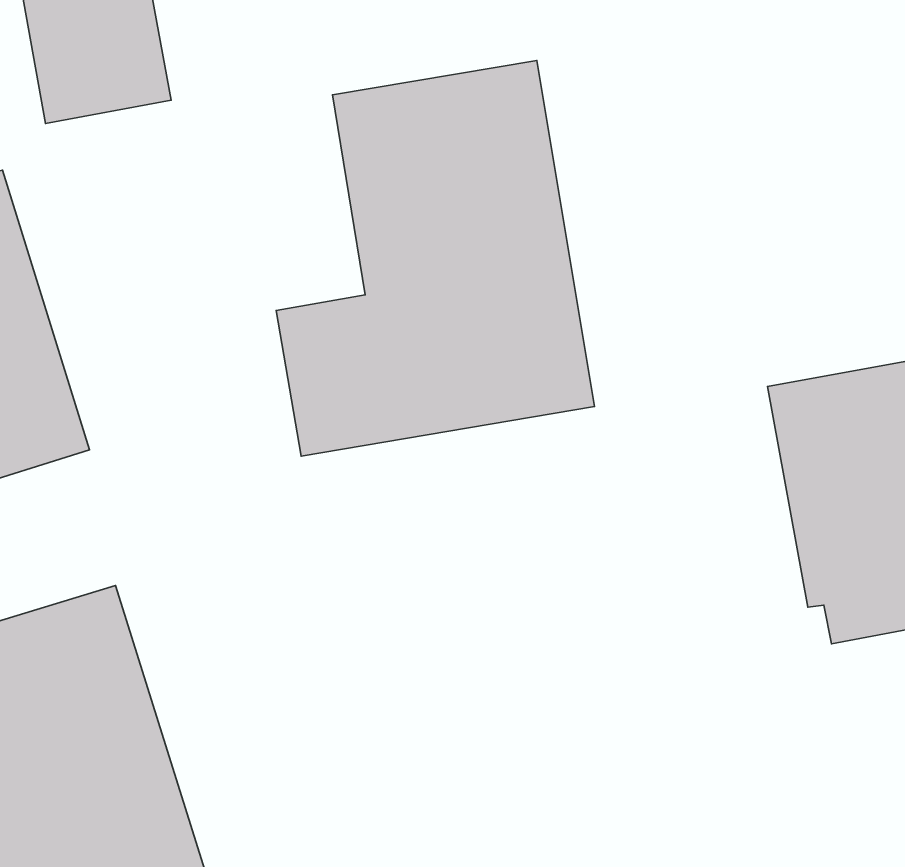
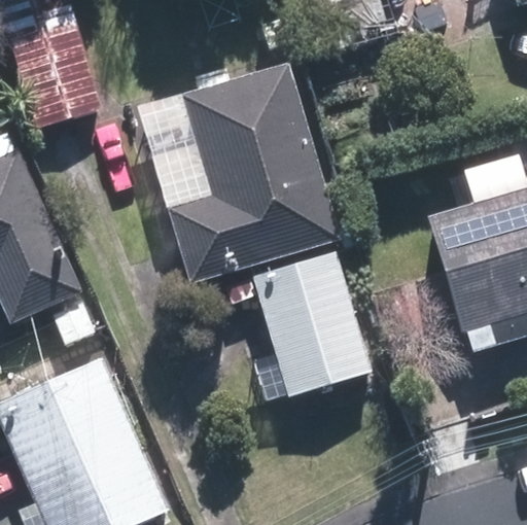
building: none -> [253,253,370,394]

